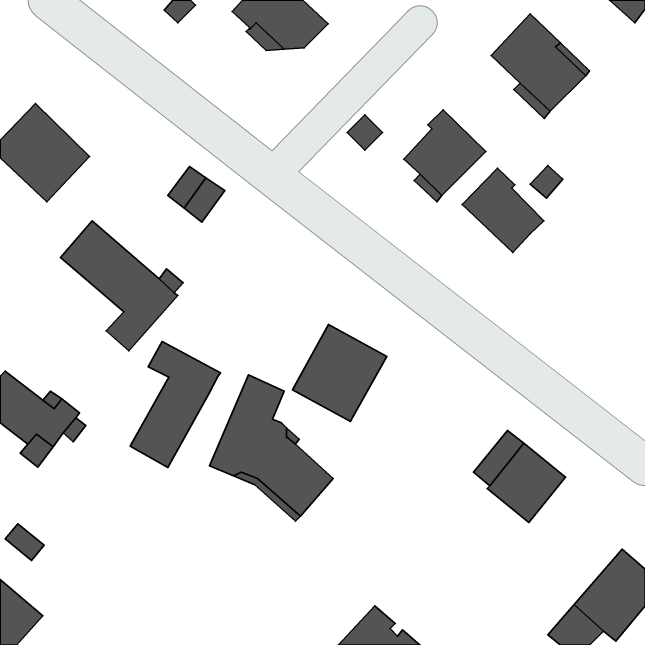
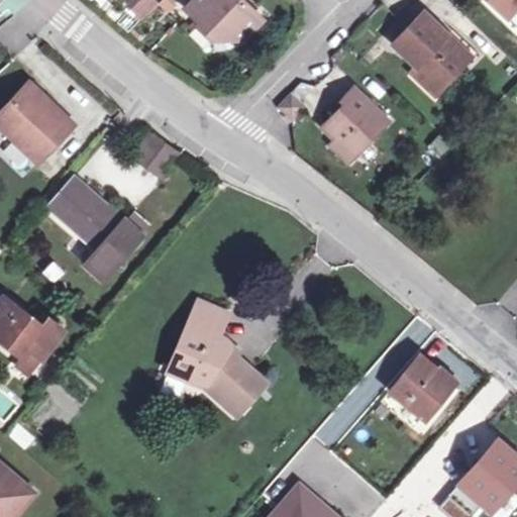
building: [462,168,544,253] -> none
building: [292,325,387,422] -> none
building: [130,341,220,467] -> none

